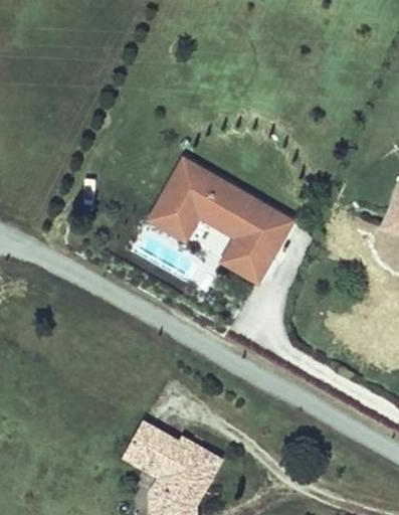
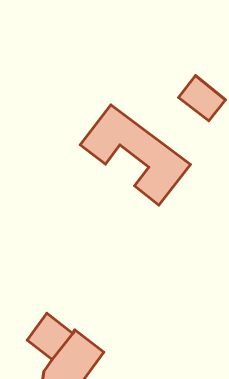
building: none -> [179,76,226,121]

